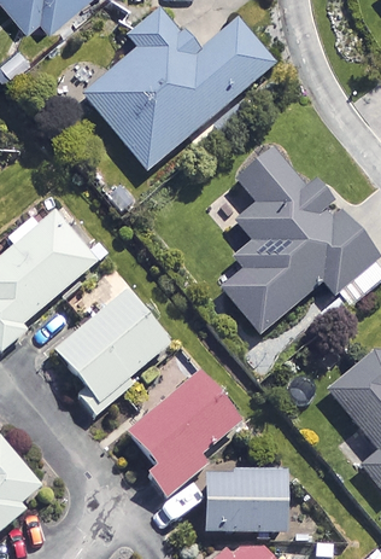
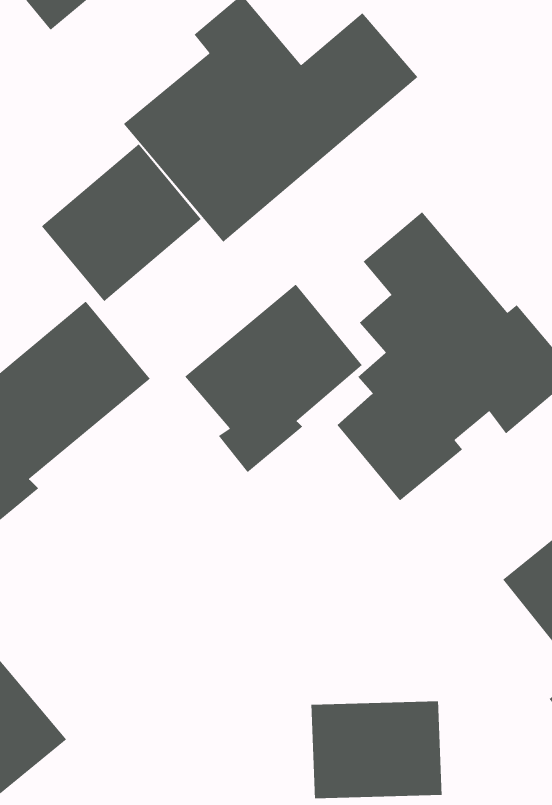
building: none -> [41,143,202,302]
building: [55,289,171,412] -> [184,283,363,473]
building: [128,371,241,494] -> none

